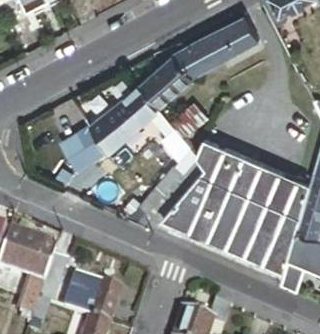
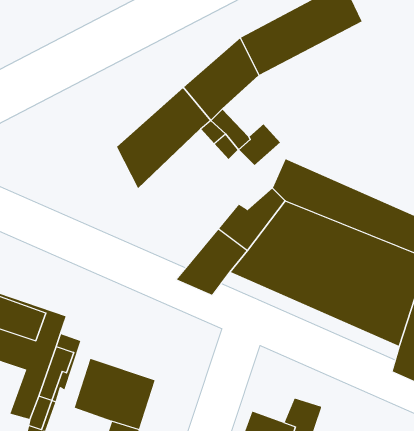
building: [63,132,104,174] -> none

